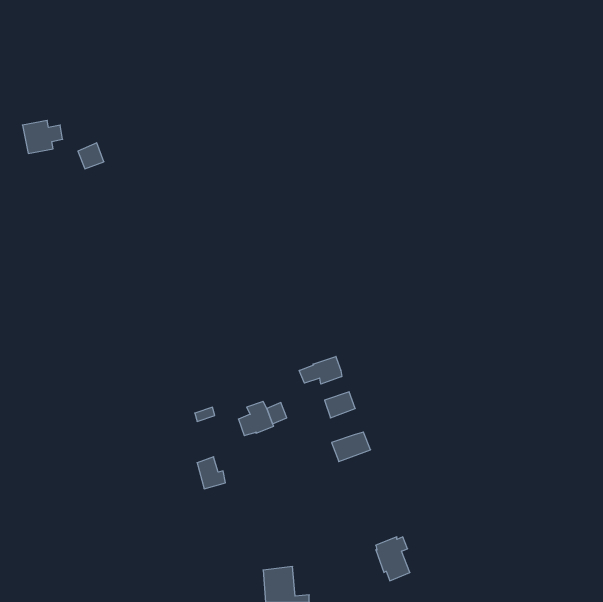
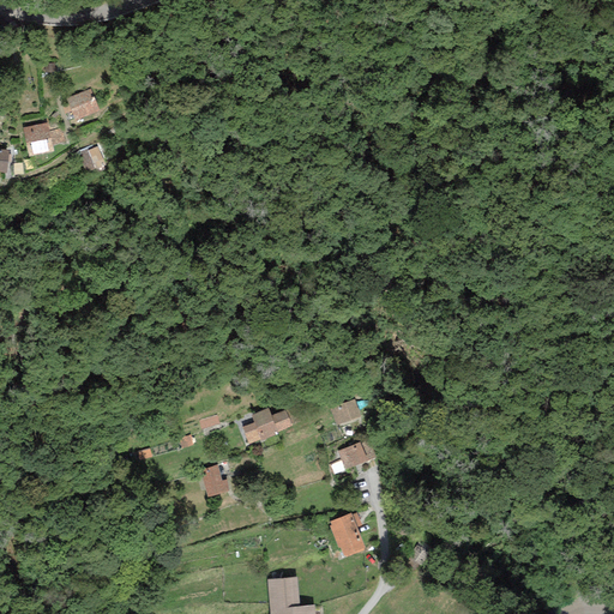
building: none -> [66,88,100,119]
building: [299,356,342,384] -> none
building: [376,537,410,581] -> [330,512,365,556]

